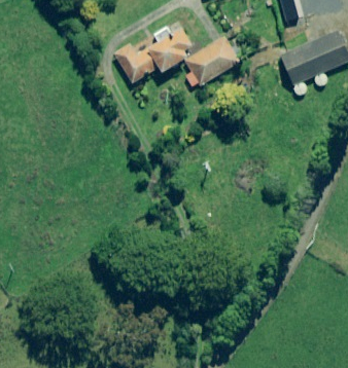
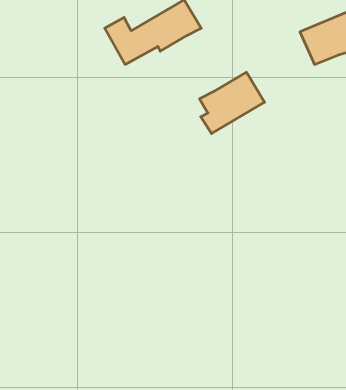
building: [184,36,240,88] -> [200,72,265,134]

